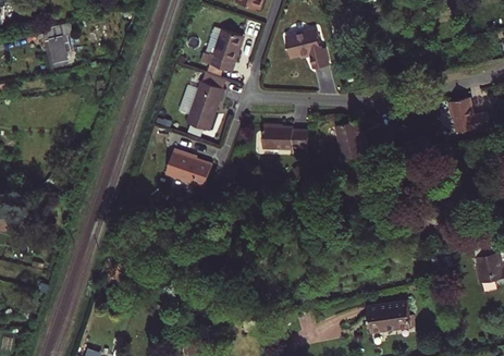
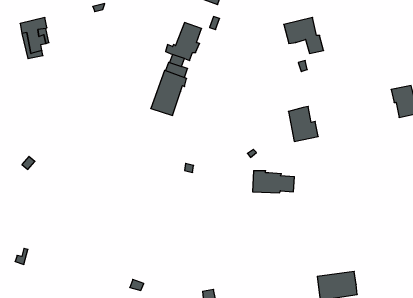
building: [284,29,328,69] -> [284,17,324,53]
building: [261,125,307,149] -> [253,171,294,193]
building: [164,149,211,187] -> none

